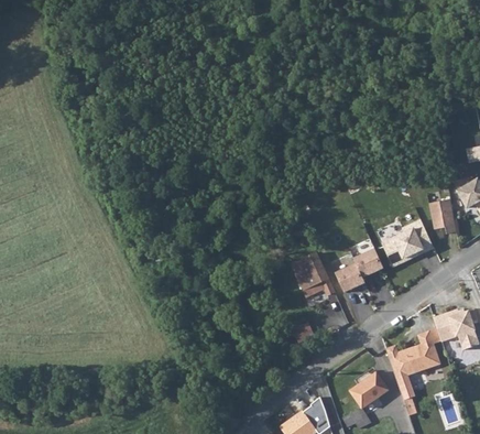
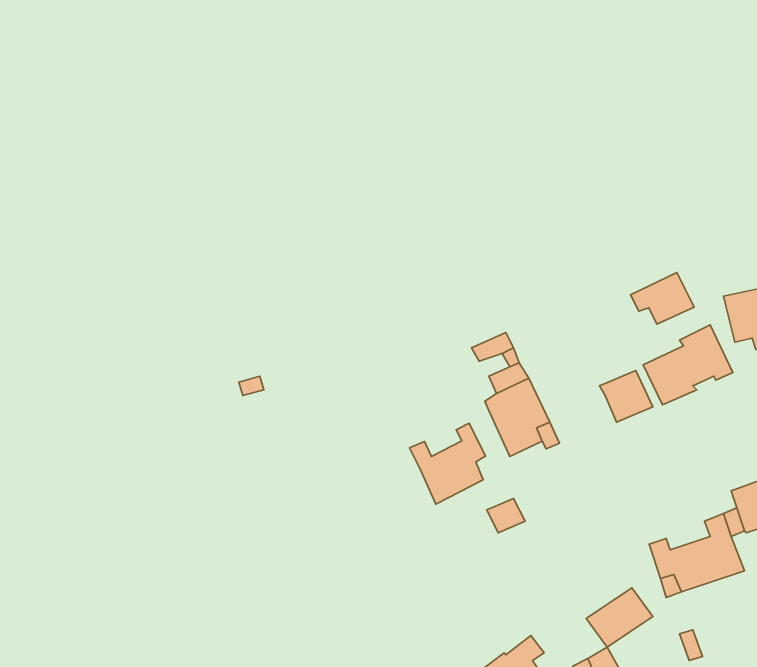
building: none -> [631,273,694,324]
building: [339,261,370,291] -> none
building: none -> [410,423,486,504]

